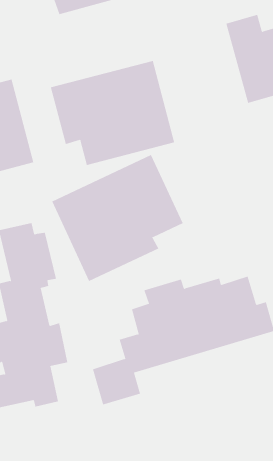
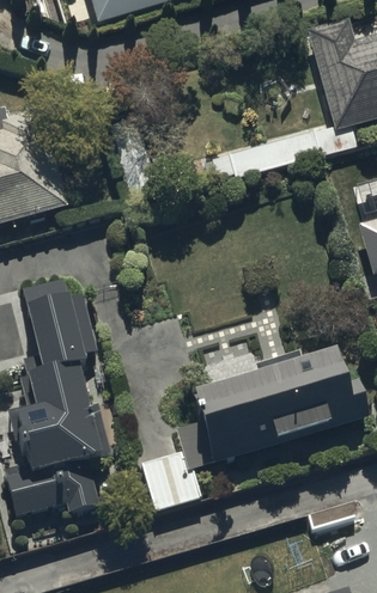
building: [50,60,175,166] -> none
building: [51,154,184,282] -> none

